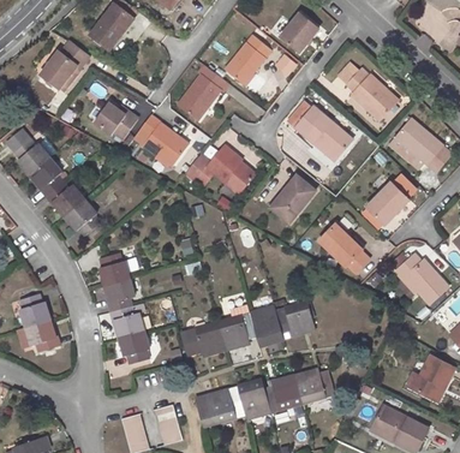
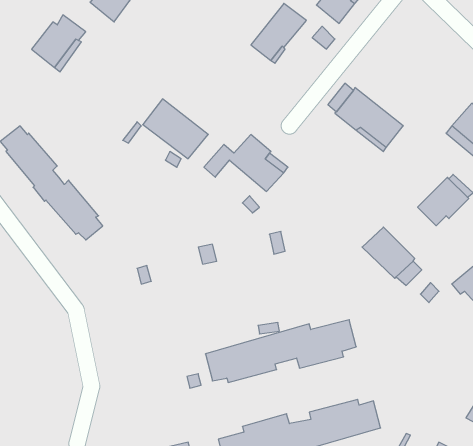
building: [178,65,228,119] -> none
building: [345,70,398,120] -> none
building: [94,102,138,138] -> none
building: [271,175,315,223] -> none
building: [100,254,149,364] -> none
building: [20,294,61,352] -> none

